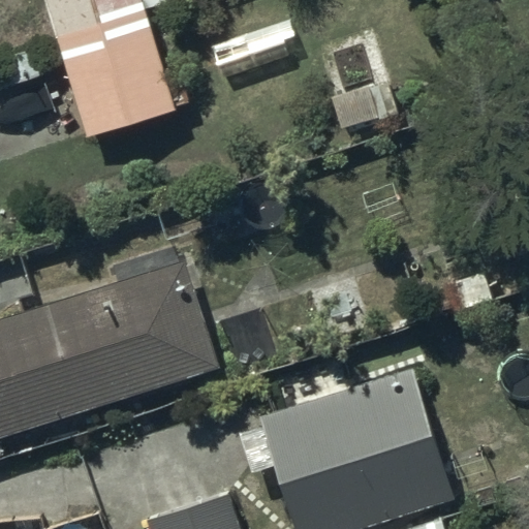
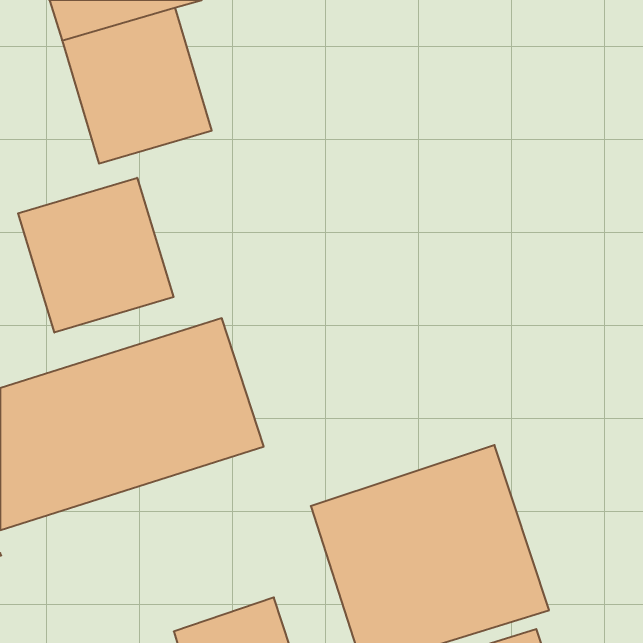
building: none -> [18,178,174,333]

